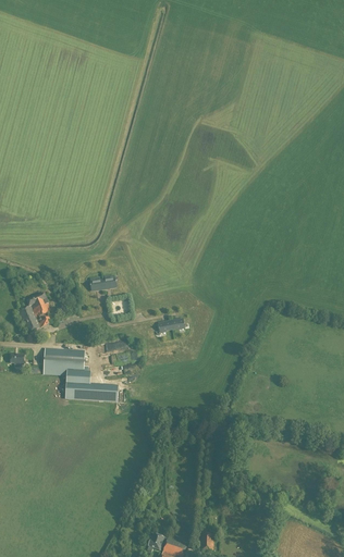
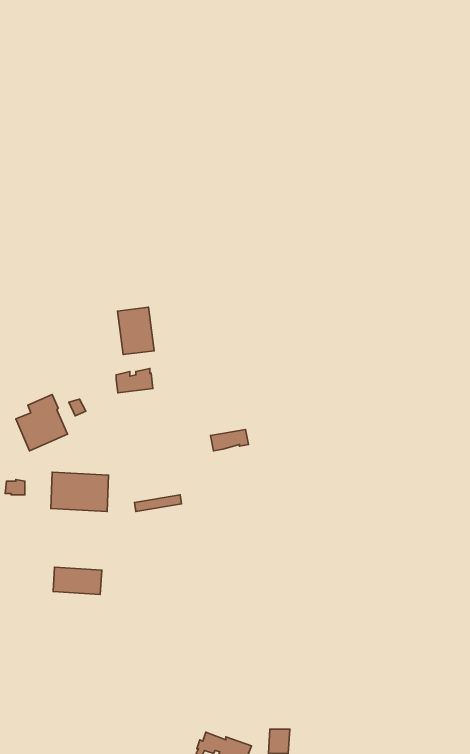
building: none -> [117,307,154,354]
building: [65,382,100,401] -> [53,567,102,594]

